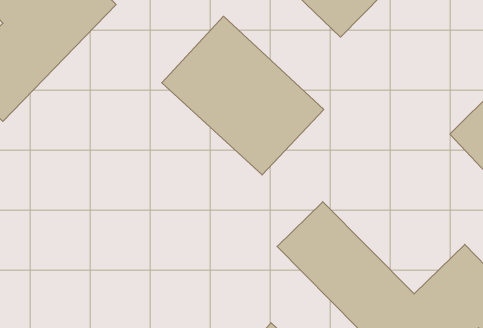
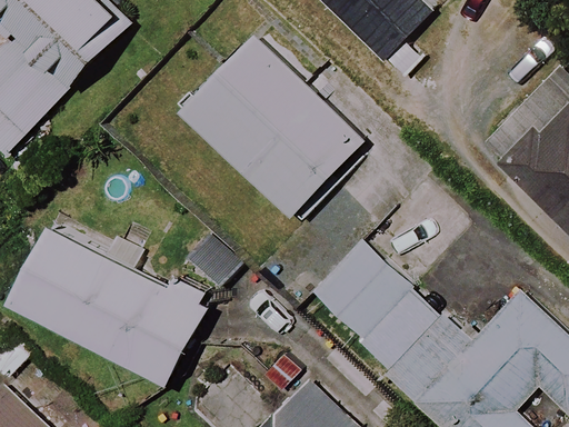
building: none -> [13,222,208,379]

